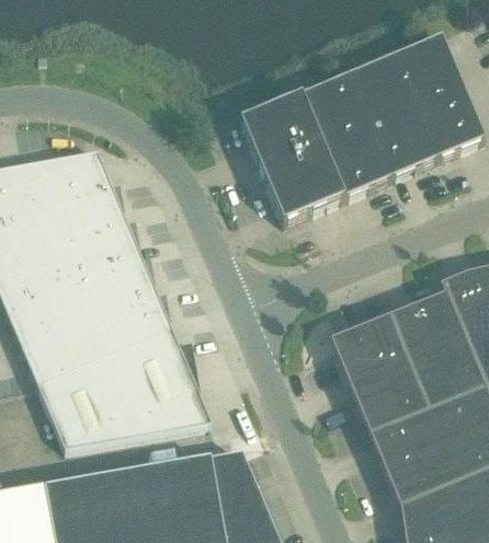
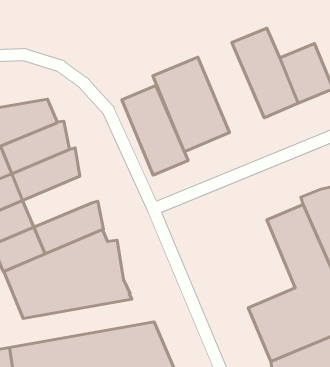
building: [394,34,458,94] -> none
building: [300,73,390,195] -> [122,85,188,175]
building: [62,252,157,323] -> none
building: [330,313,432,432] -> none

